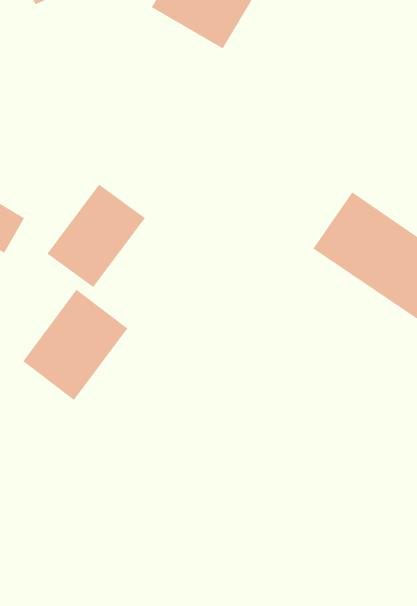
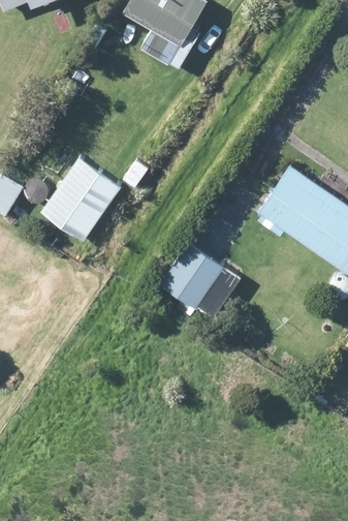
building: none -> [157,242,238,317]
building: [22,289,128,401] -> none

